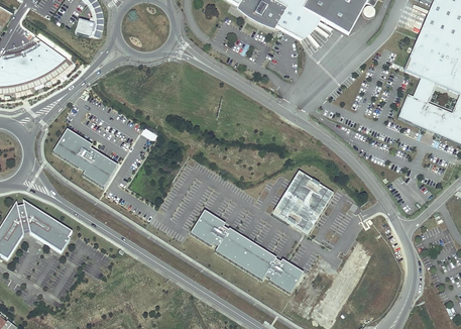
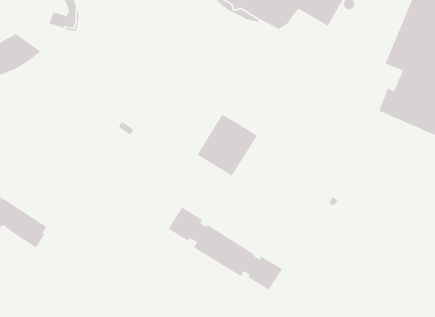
building: [52,129,117,188] -> none
building: [272,172,333,233] -> [196,114,258,176]

